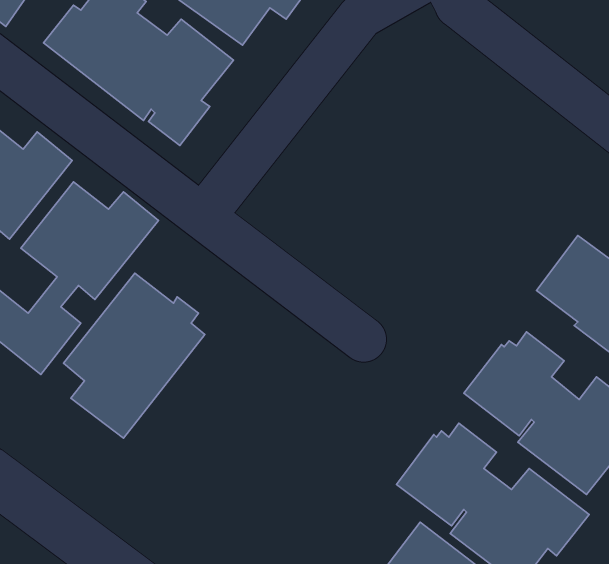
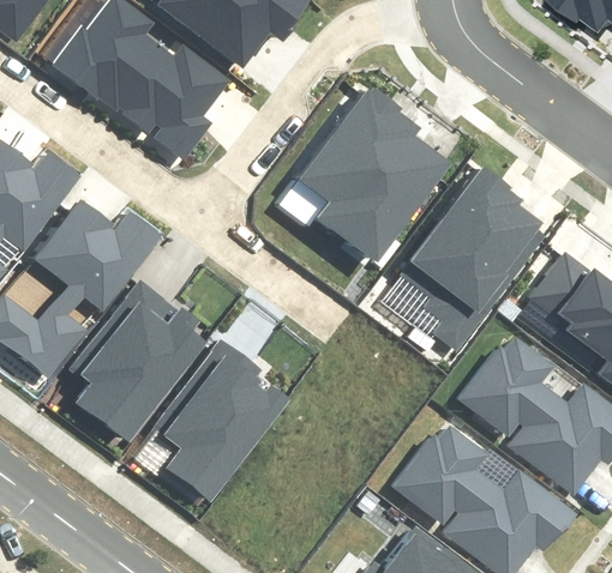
building: none -> [281,80,451,259]
building: none -> [398,165,547,355]
building: none -> [148,337,292,506]

